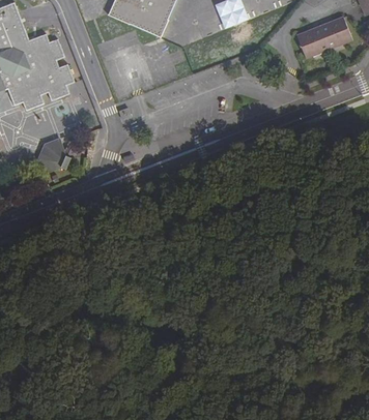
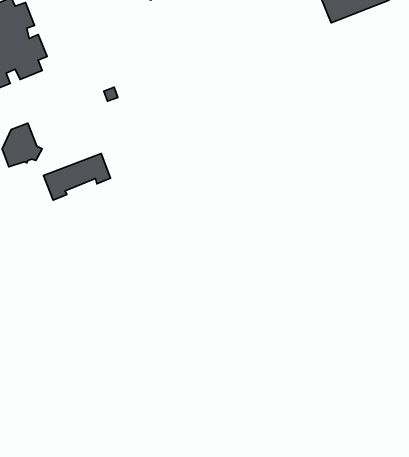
building: none -> [44,154,111,200]

